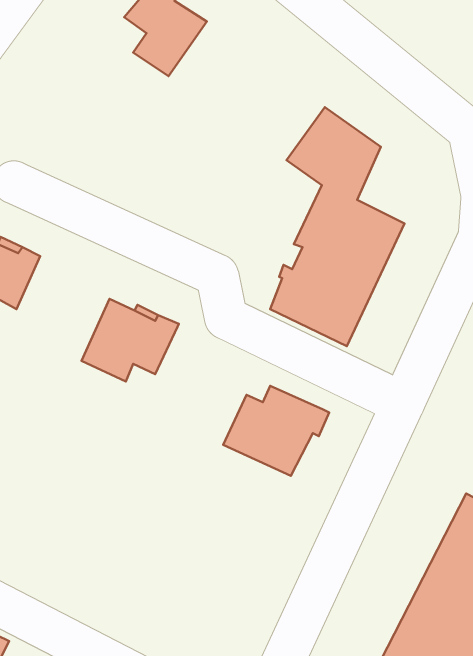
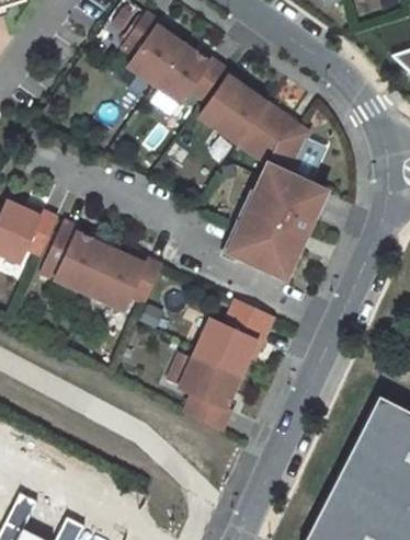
building: none -> [155,43,225,103]
building: none -> [202,73,271,146]
building: none -> [39,219,111,295]
building: none -> [182,357,246,437]

